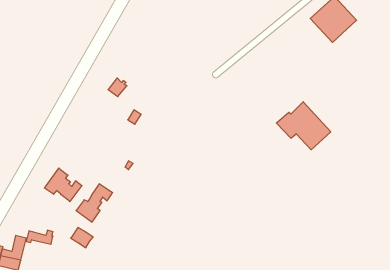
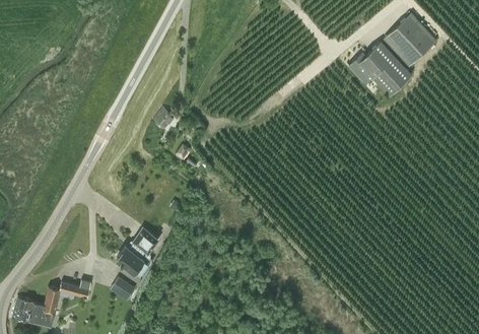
building: [276,102,331,150] -> [349,42,411,96]
building: [44,168,82,202] -> none

